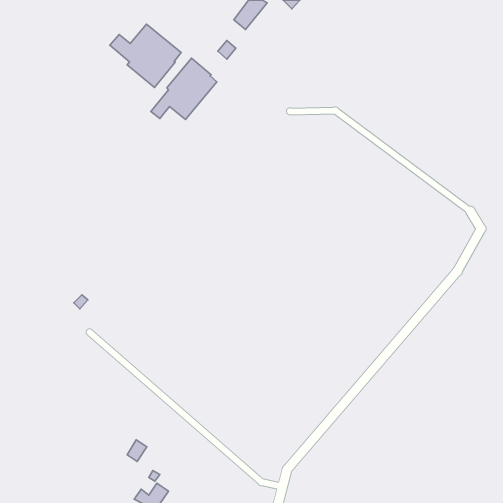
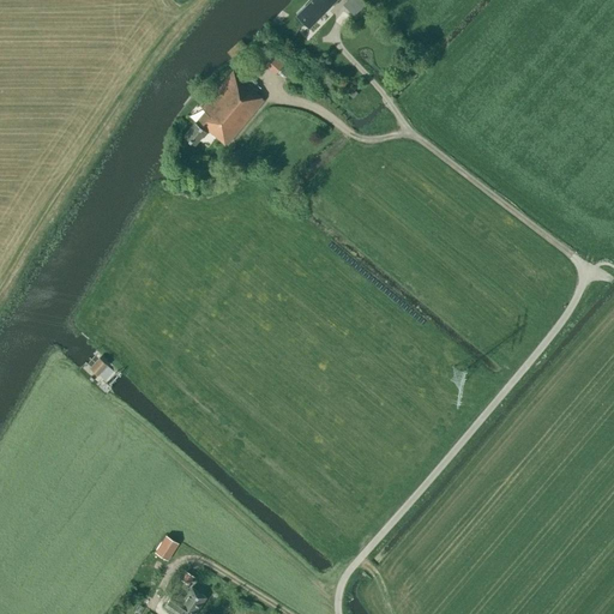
building: [110,24,181,87] -> none

